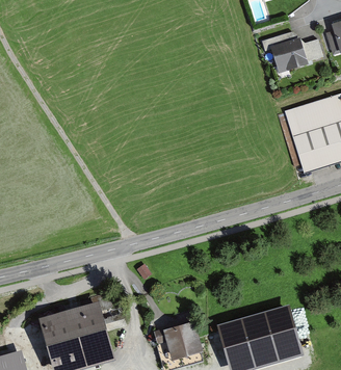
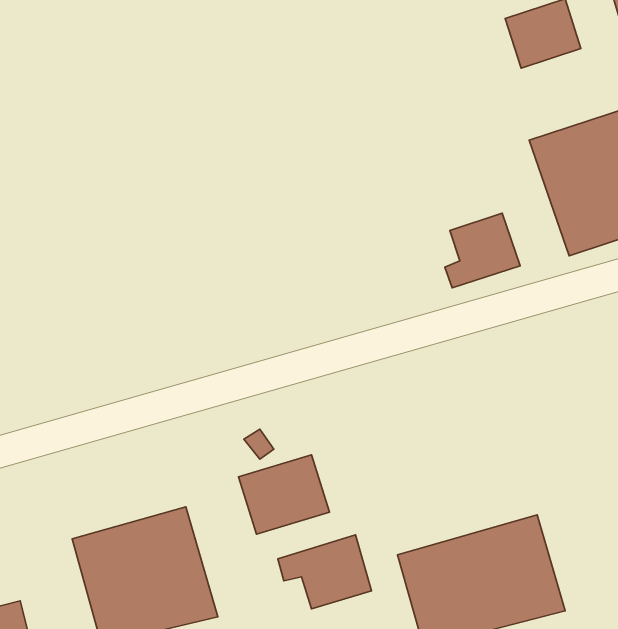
building: none -> [445,213,520,288]
building: none -> [238,455,330,534]

